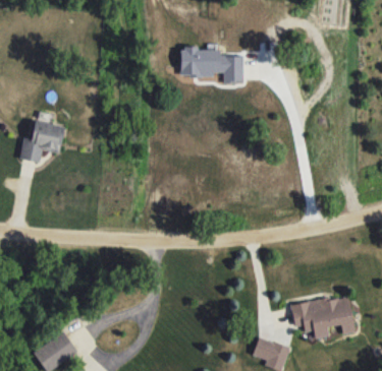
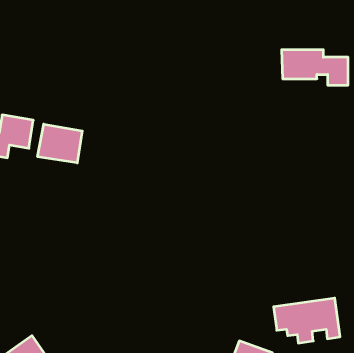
building: [179,49,242,82] -> [282,50,348,85]
building: none -> [38,124,82,163]

